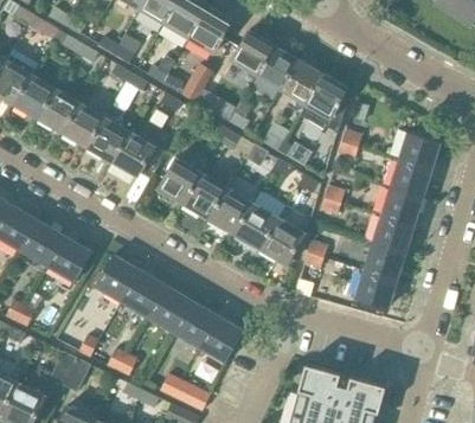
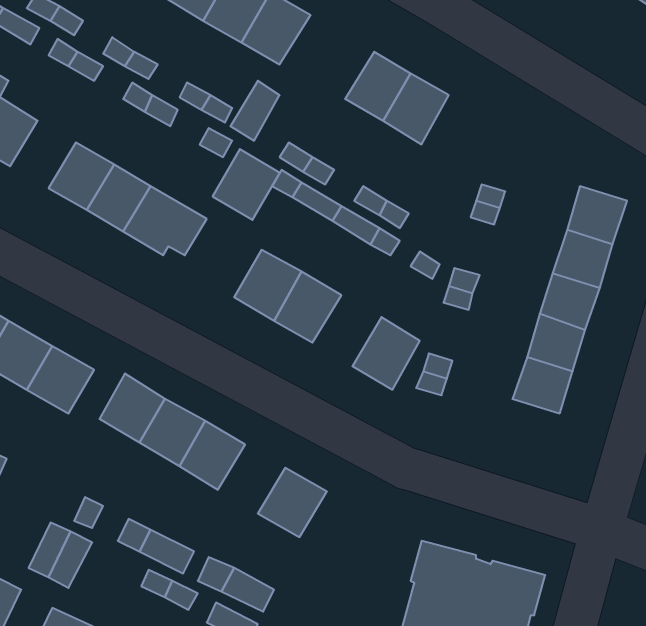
building: [230,30,274,75] -> none
building: [299,72,348,132] -> none
building: [37,89,79,133] -> none
building: [156,158,200,204] -> [213,149,280,220]
building: [233,203,278,249] -> none
building: [355,270,394,308] -> none
building: [172,300,216,345] -> none

